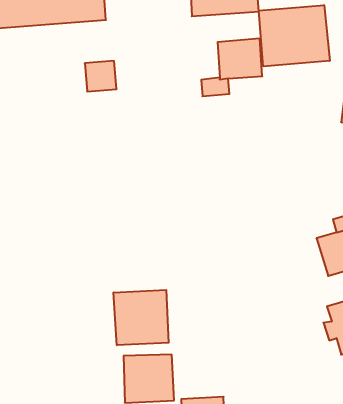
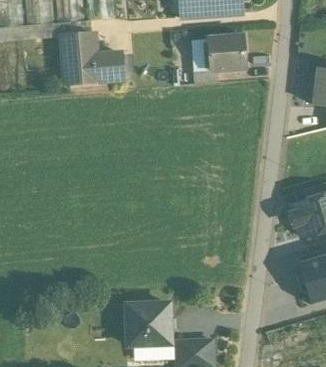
building: [259,5,330,66] -> none
building: none -> [63,33,97,82]
building: [114,290,169,345] -> none

